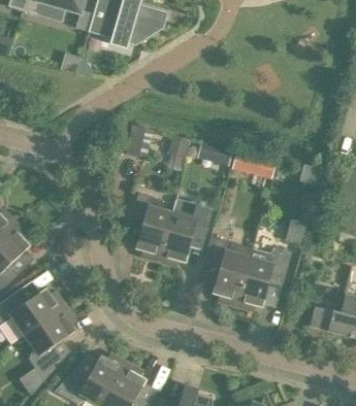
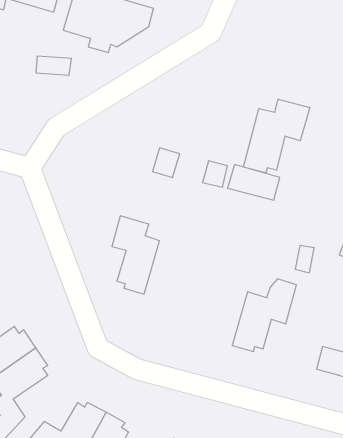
building: none -> [243,99,310,173]
building: [159,202,214,265] -> none
building: [211,237,252,304] -> none

